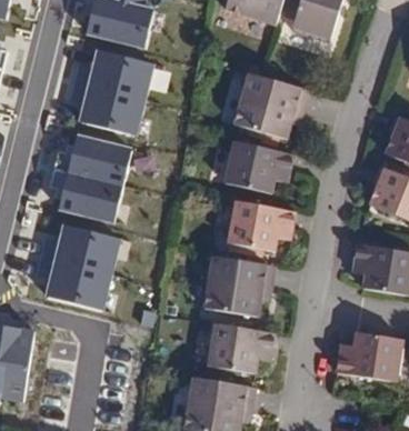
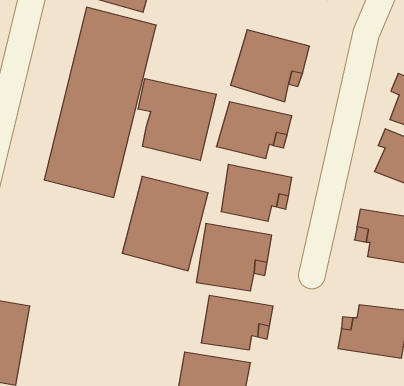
building: none -> [138,79,216,161]
building: [44,225,126,314] -> [122,176,208,271]

